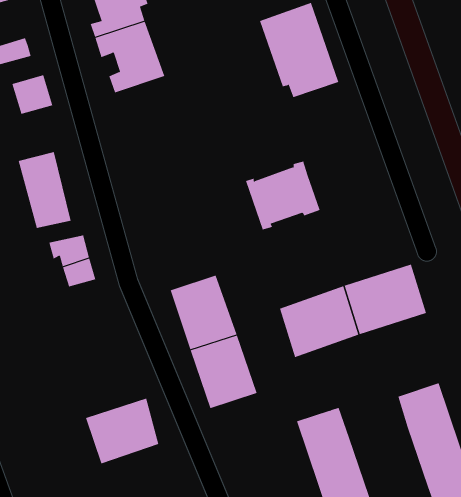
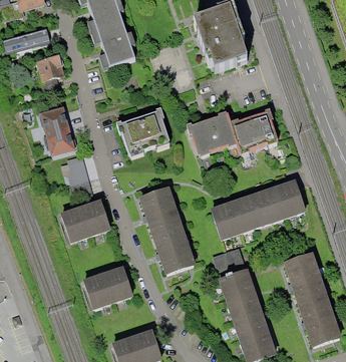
building: none -> [115,106,169,155]
building: none -> [229,107,278,154]
building: none -> [61,200,110,243]
building: none -> [212,249,243,281]

